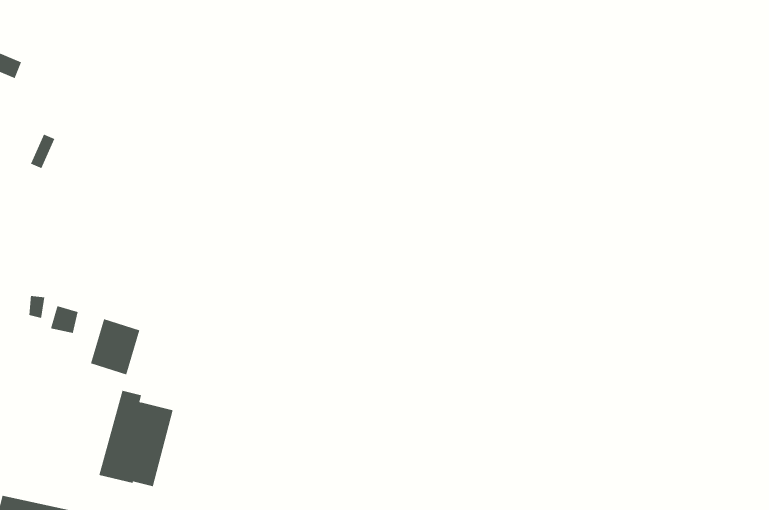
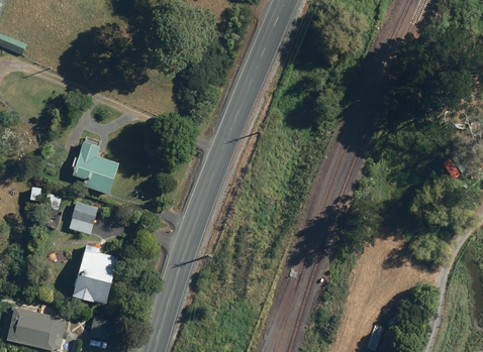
building: none -> [72,140,118,194]

